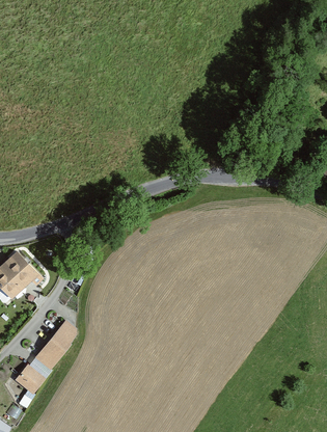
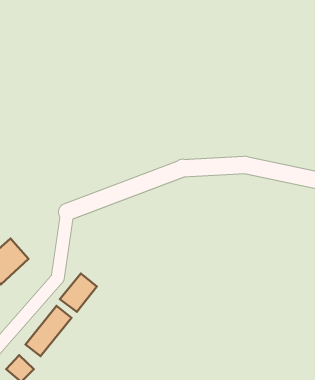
building: none -> [60,274,97,312]

